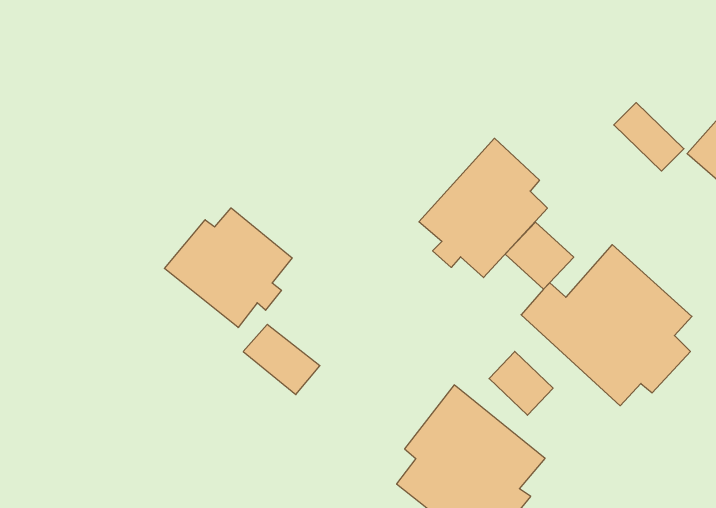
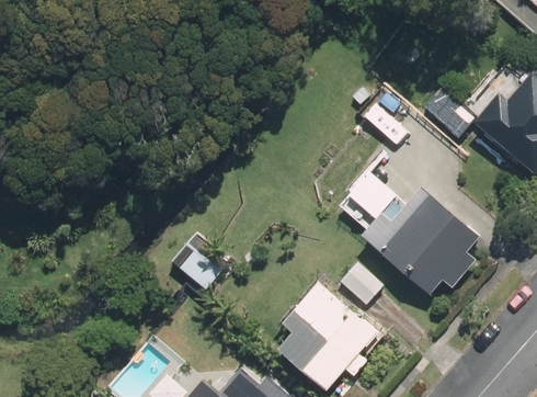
building: [419,138,547,278] -> none
building: [164,208,292,328] -> none

